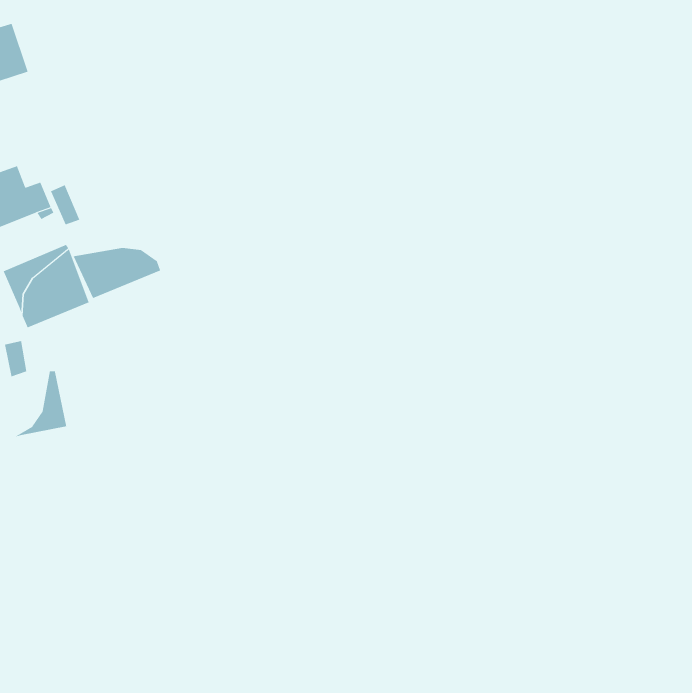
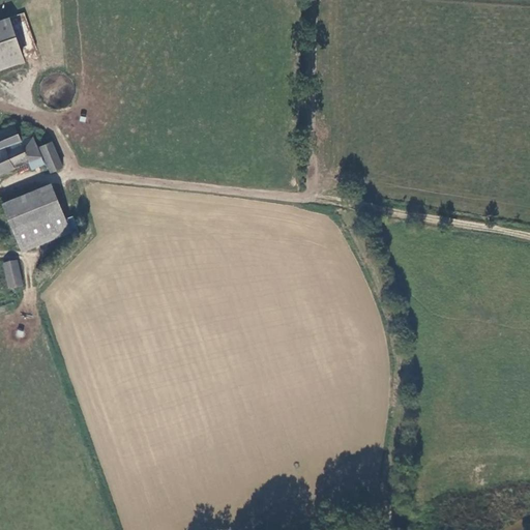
building: [73,247,161,299] -> none
building: [11,371,67,439] -> none

